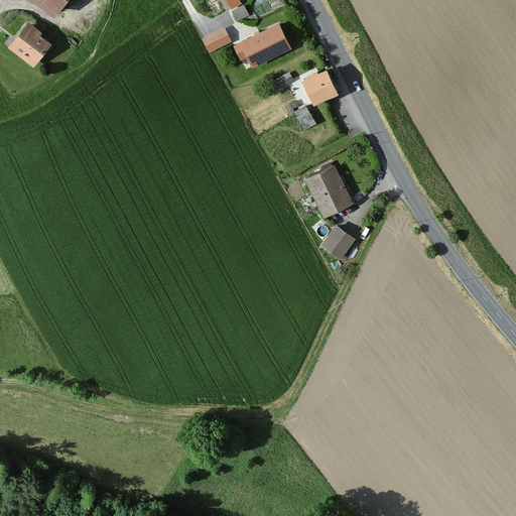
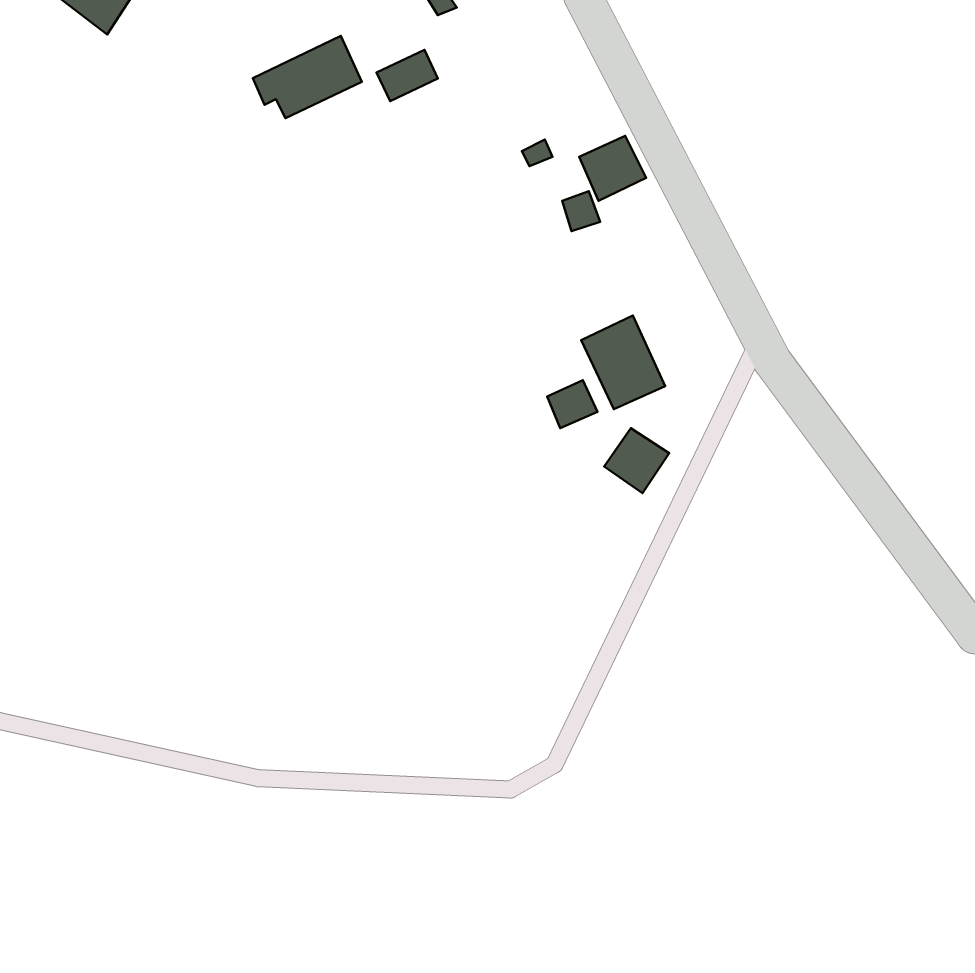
building: [7,21,47,66] -> none
building: [236,24,293,68] -> [253,36,362,118]
building: none -> [547,380,598,428]

